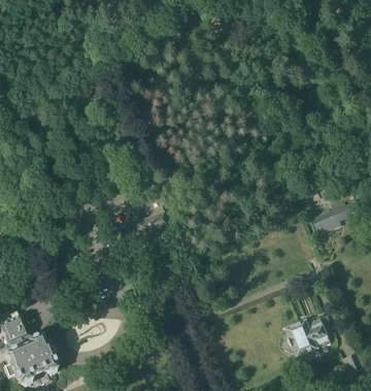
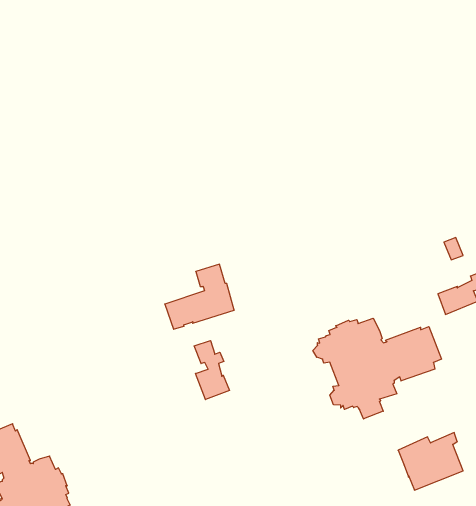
building: none -> [313,318,442,419]
building: none -> [194,341,229,400]

